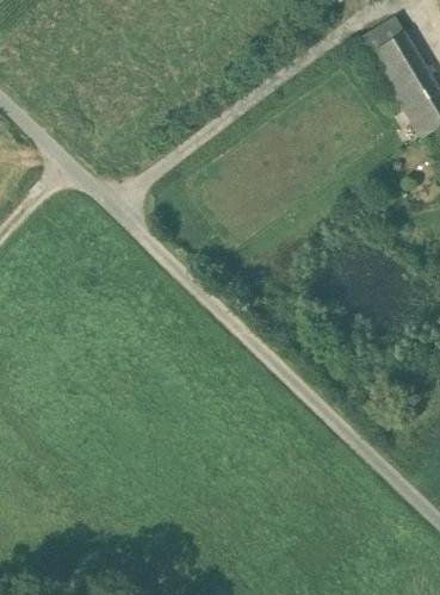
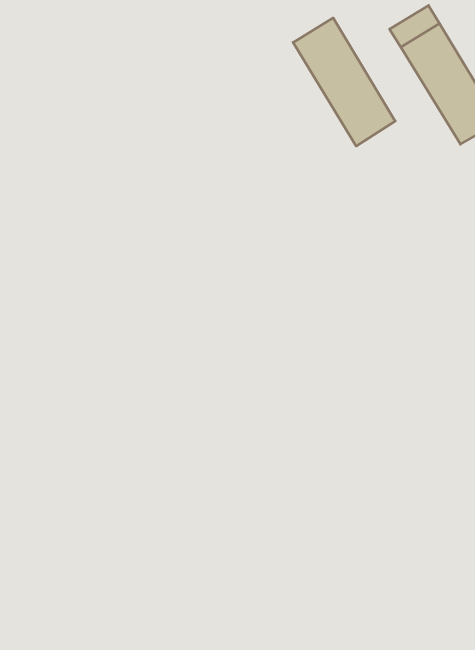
building: none -> [293,18,395,146]

